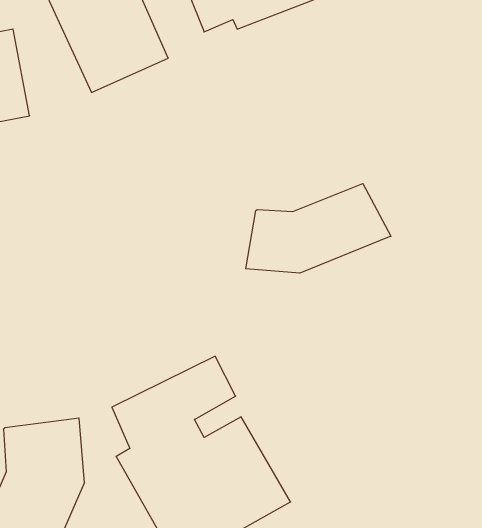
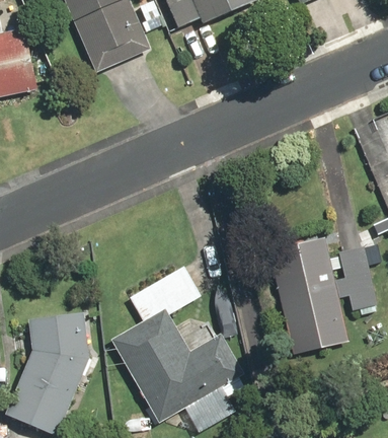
building: [246,184,391,273] -> none
building: none -> [266,237,377,355]

